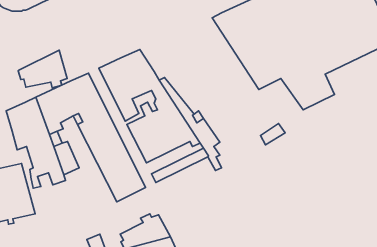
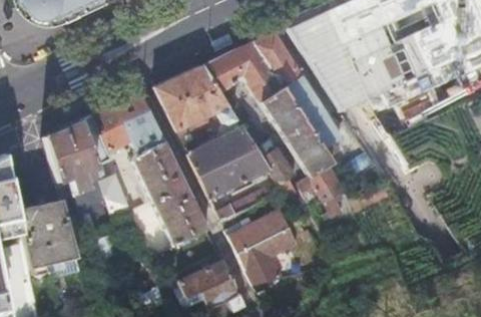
building: none -> [200,32,341,216]
building: [18,50,67,88] -> none
building: none -> [223,209,296,282]

